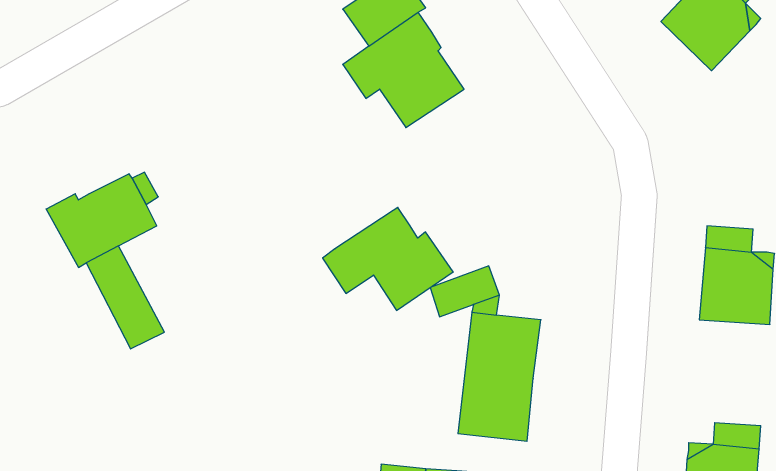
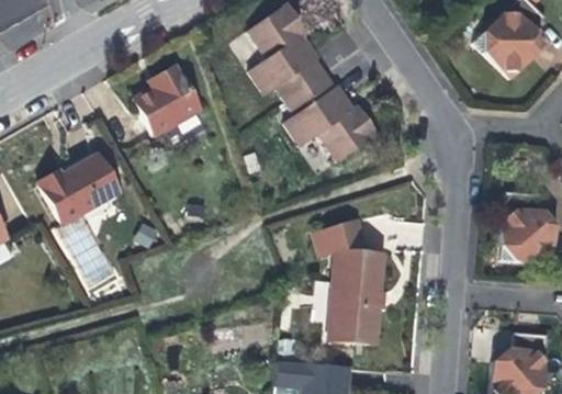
building: none -> [140,65,204,134]
building: [323,207,453,310] -> [284,89,378,162]

